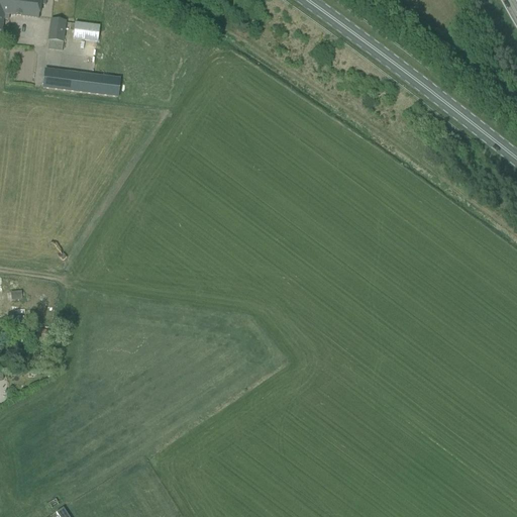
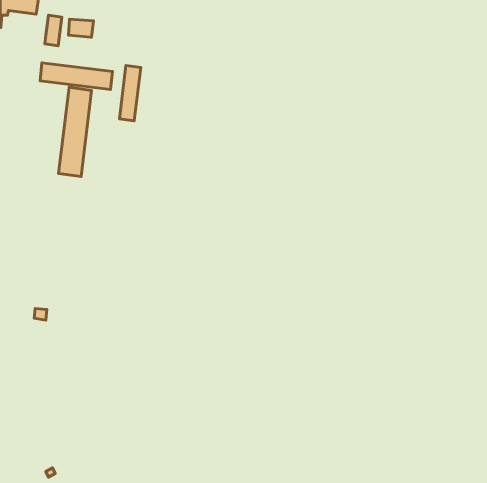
building: none -> [119,66,141,121]
building: none -> [59,87,92,177]

